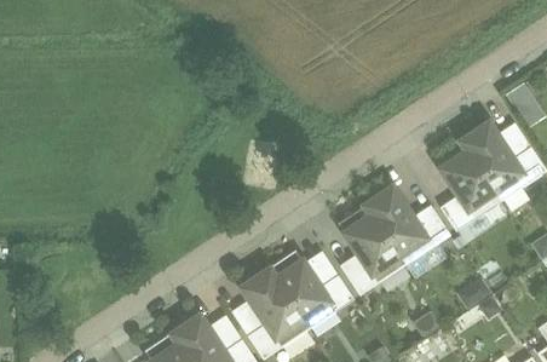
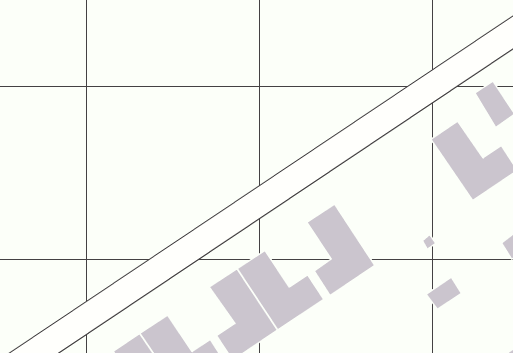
building: [439,139,501,230] -> none
building: [364,185,449,264] -> none

